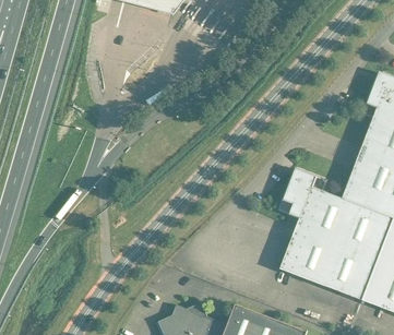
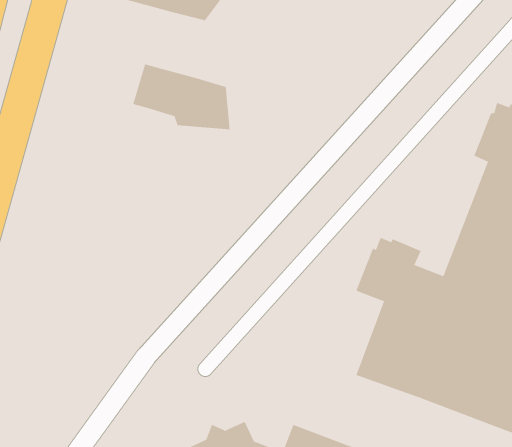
building: none -> [132,63,230,130]

